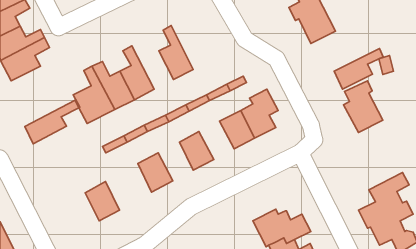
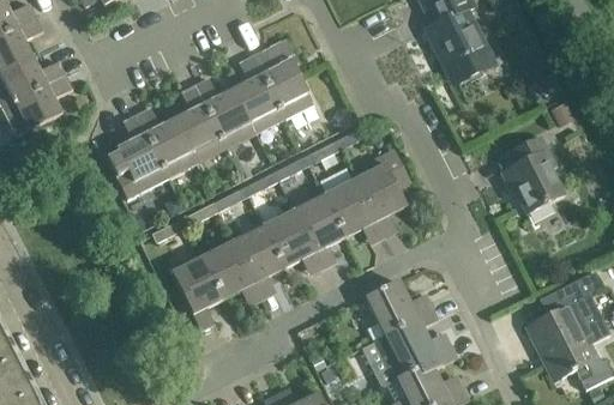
building: none -> [252,37,315,119]
building: none -> [194,77,255,147]
building: [334,49,383,89] -> none
building: [25,100,79,144] -> none
building: none -> [293,194,344,250]
building: none -> [233,225,284,282]
building: none -> [363,279,438,340]
building: [85,181,120,221] -> [173,256,223,314]

